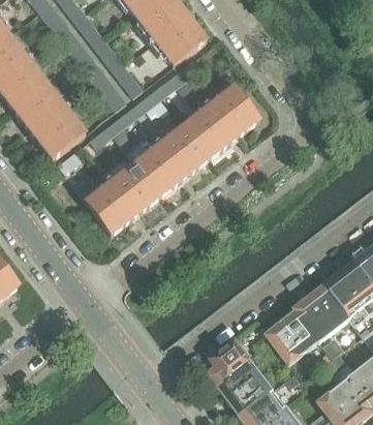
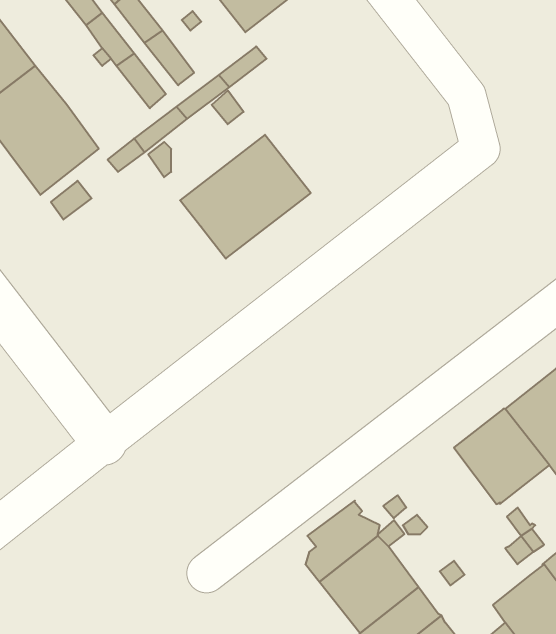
building: [183,86,258,158] -> none
building: [85,162,160,234] -> none
building: [263,307,318,364] -> none

